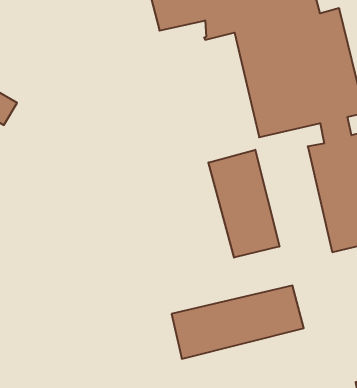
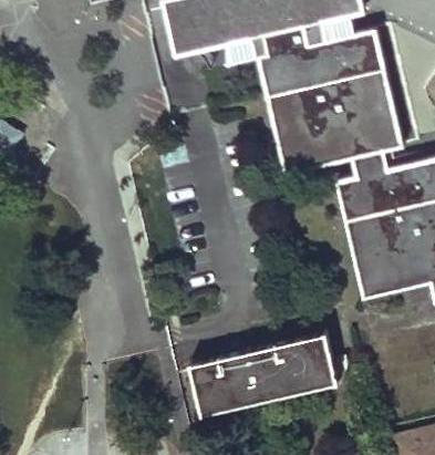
building: [208,150,279,258] -> none

